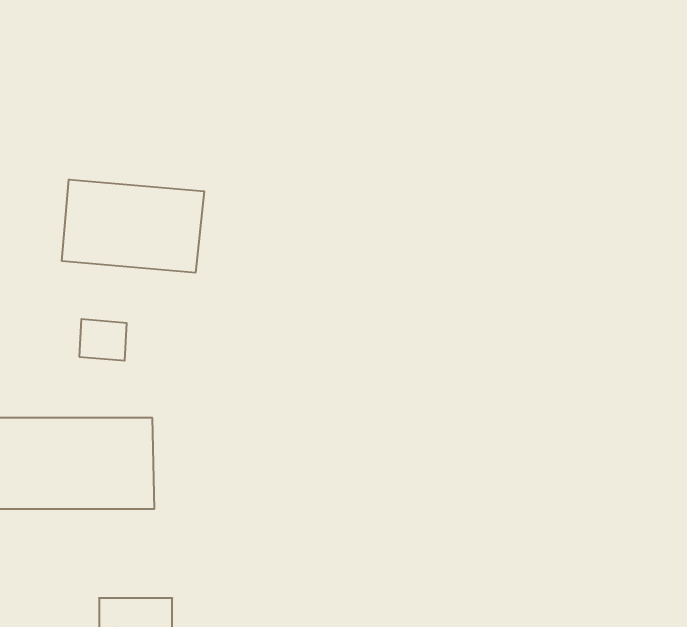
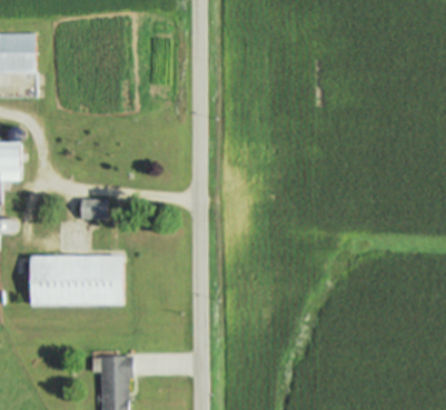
building: [62,179,204,273] -> none

